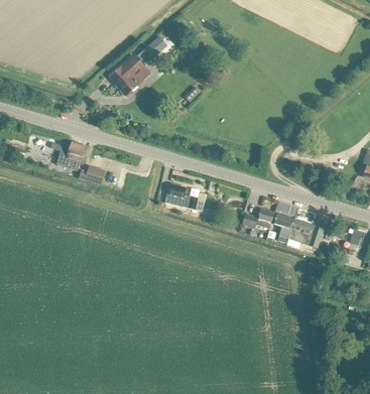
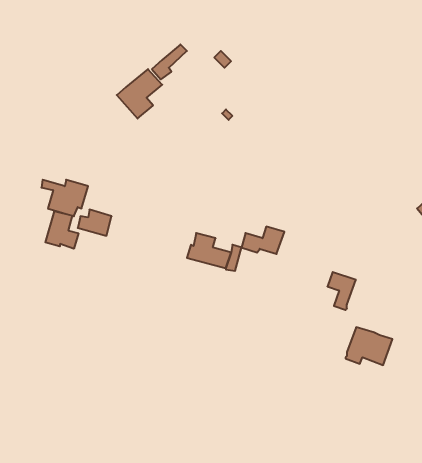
building: none -> [45,211,78,249]
building: [242,208,275,229] -> [242,227,284,254]
building: [287,219,324,248] -> [346,327,392,365]

